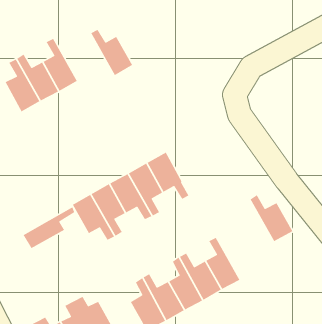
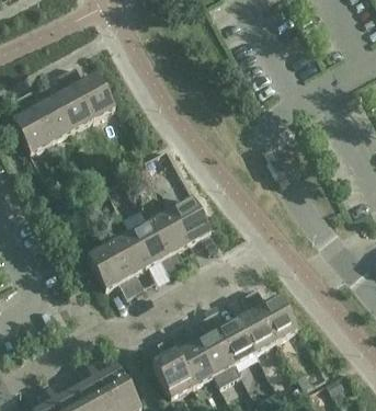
building: [90,29,133,76] -> [66,66,114,118]
building: [249,194,294,242] -> [248,287,297,341]
building: [22,206,75,249] -> none

